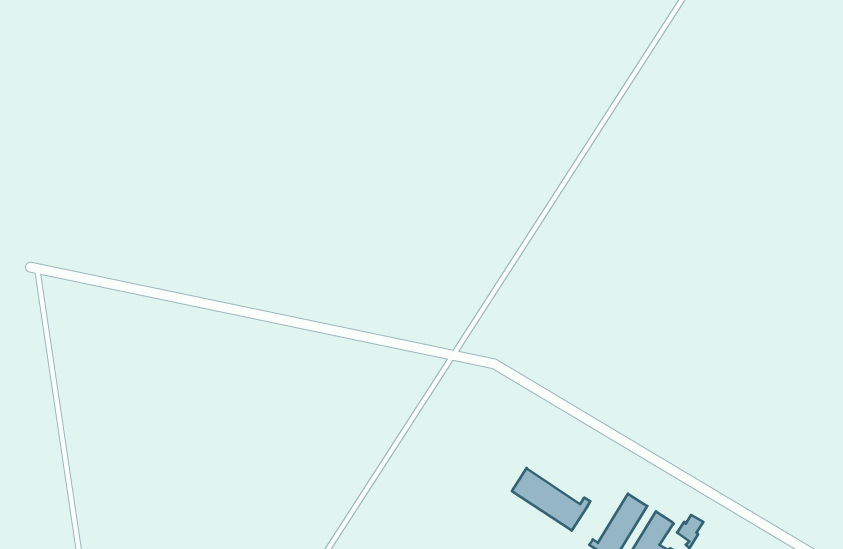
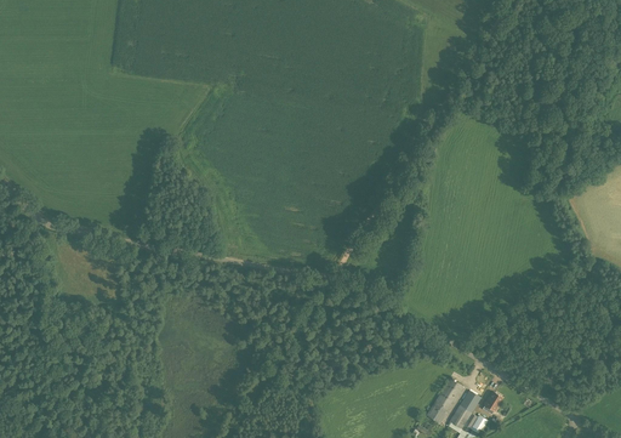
building: [512,468,590,531] -> none

